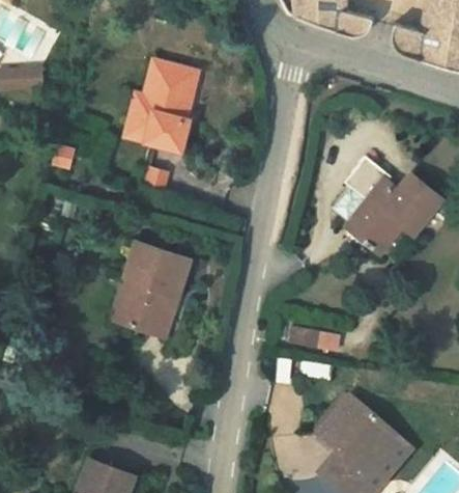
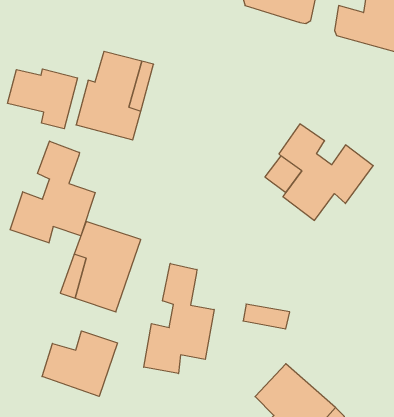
building: none -> [8,69,78,129]
building: none -> [10,141,95,243]
building: none -> [144,263,214,374]
building: none -> [42,331,117,396]

